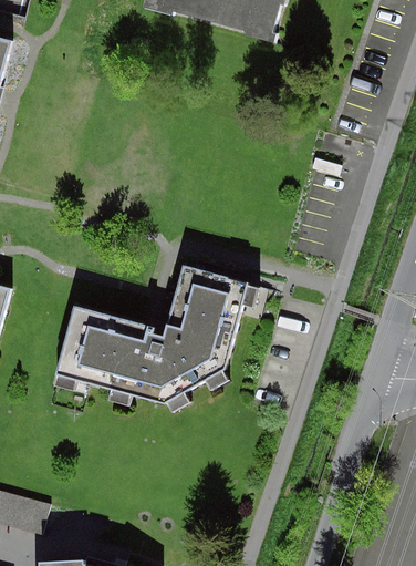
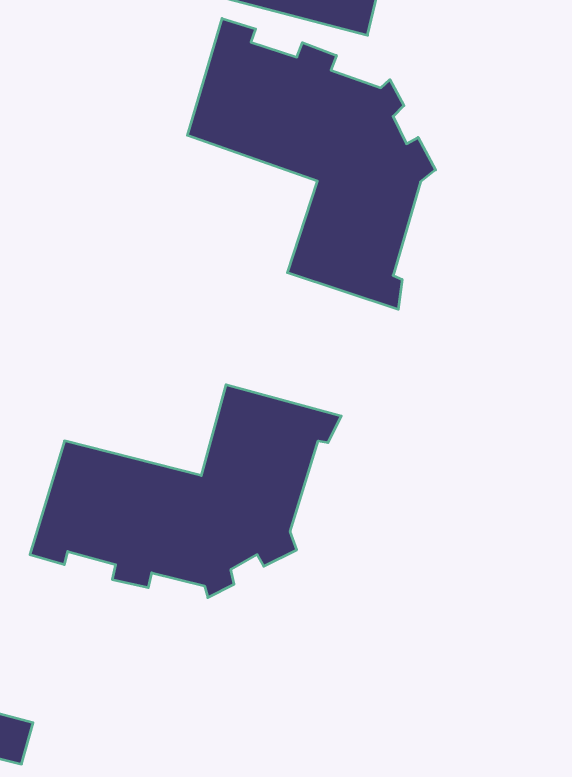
building: none -> [187,18,436,309]

